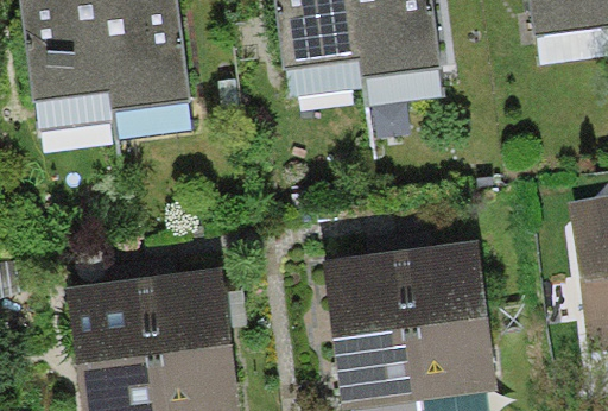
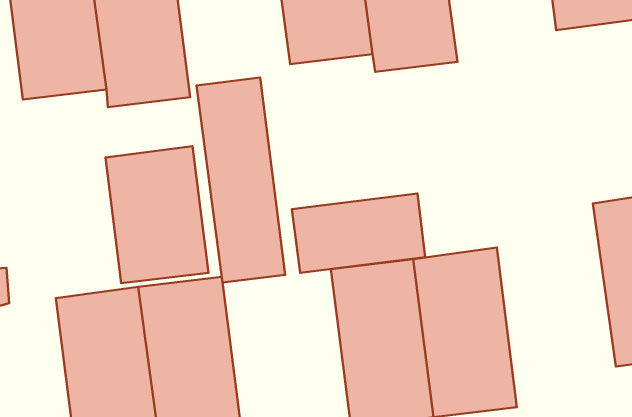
building: none -> [197,78,285,283]
building: none -> [106,146,208,283]
building: none -> [292,193,425,273]

